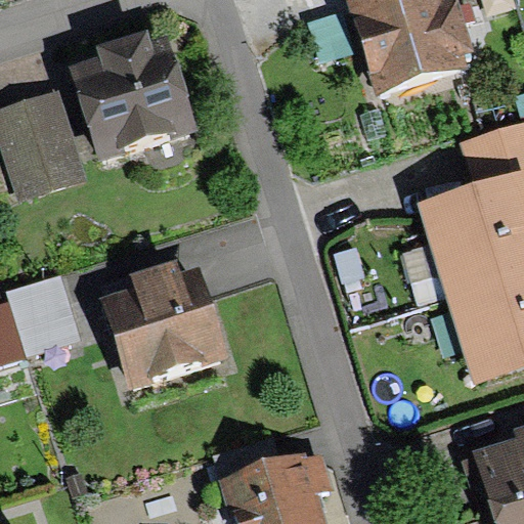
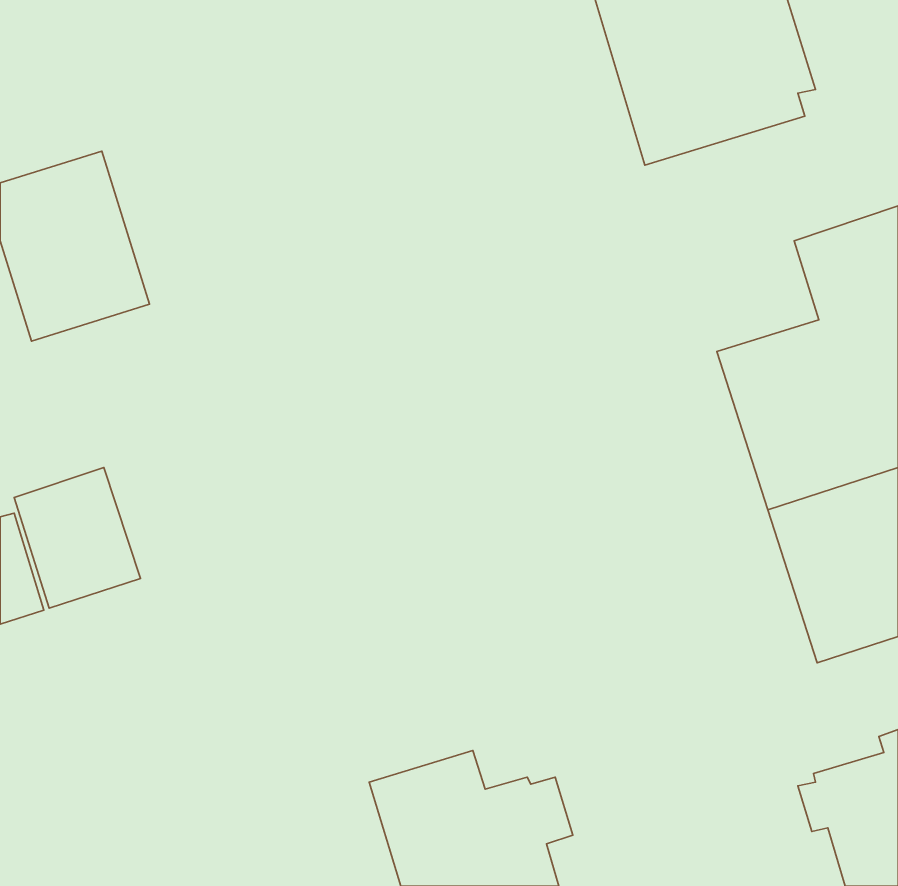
building: [69,33,199,164] -> none
building: [94,262,229,391] -> none

